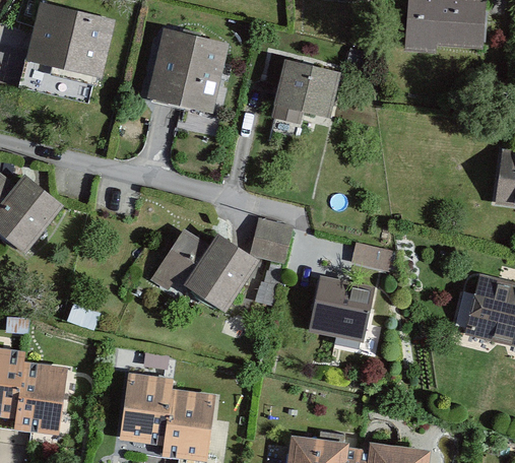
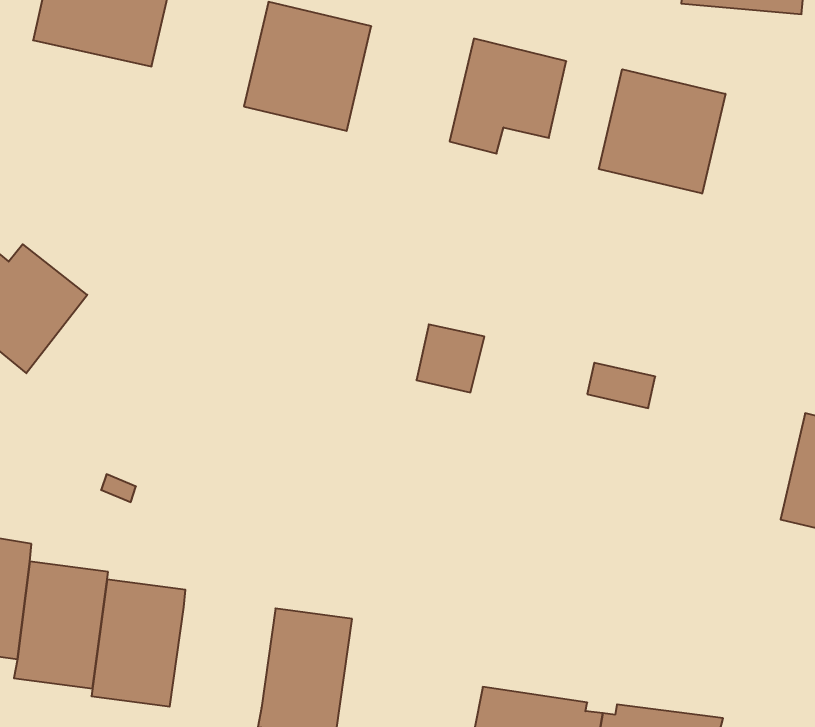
building: none -> [599,69,725,194]
building: [158,234,255,317] -> none
building: [312,281,373,344] -> none
building: [116,373,171,447] -> [91,579,185,707]

